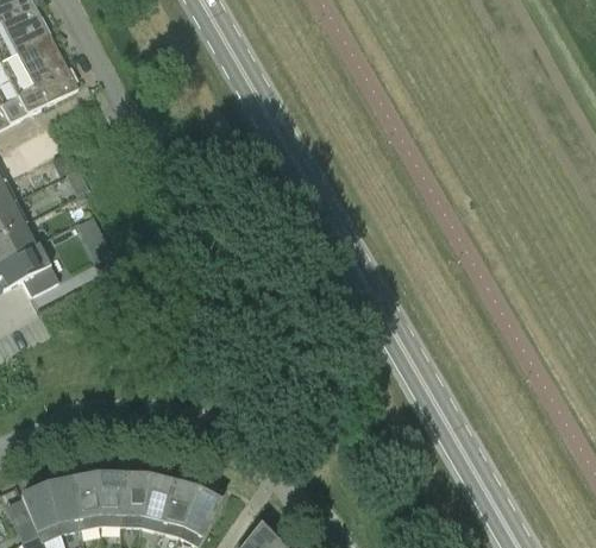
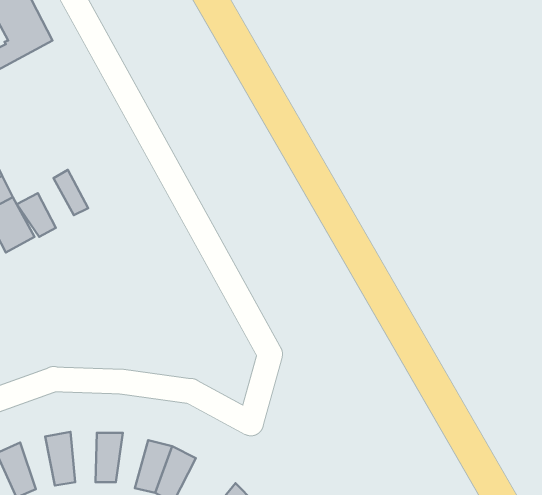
building: none -> [17,193,56,237]
building: [94,474,120,524] -> none
building: [139,475,171,530] -> none
building: [44,479,79,531] -> none

